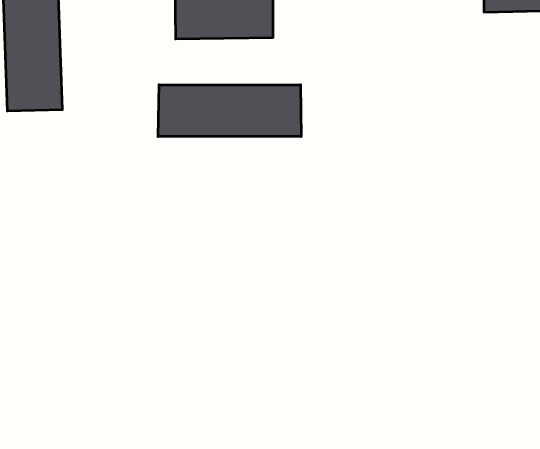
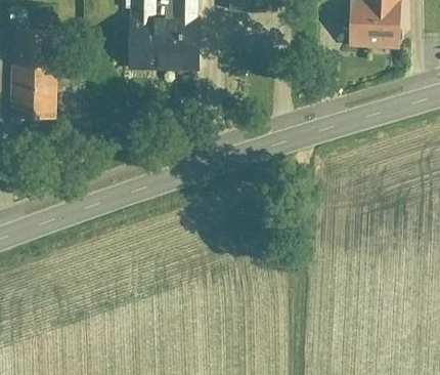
building: [158,85,301,137] -> none

